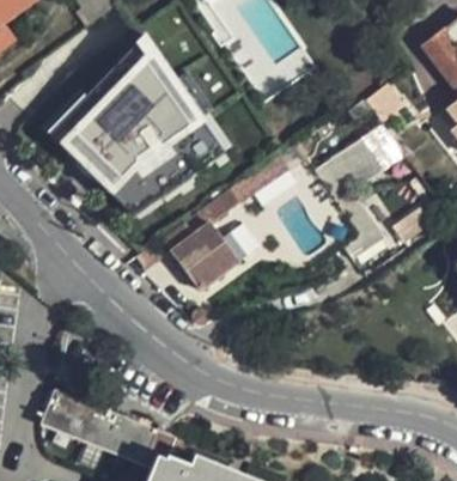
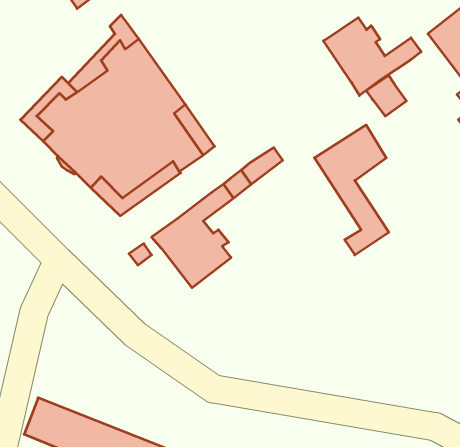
building: none -> [323,18,421,96]

